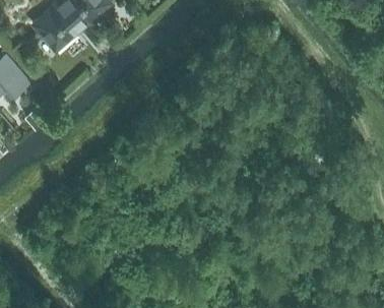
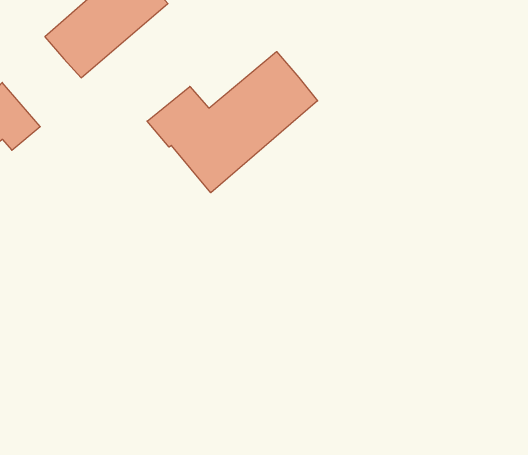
building: none -> [147,52,318,193]

